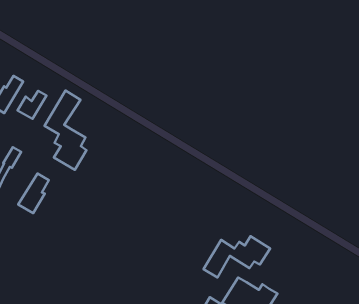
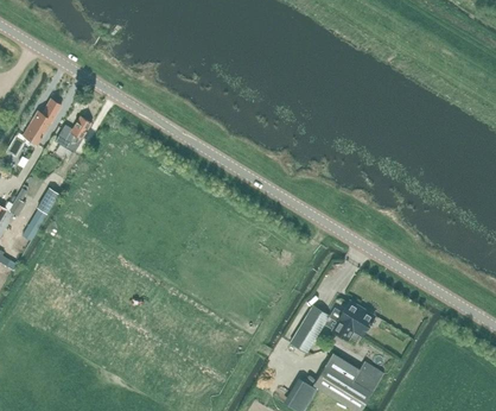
building: [44,91,86,170] -> none
building: [18,173,49,213] -> none

